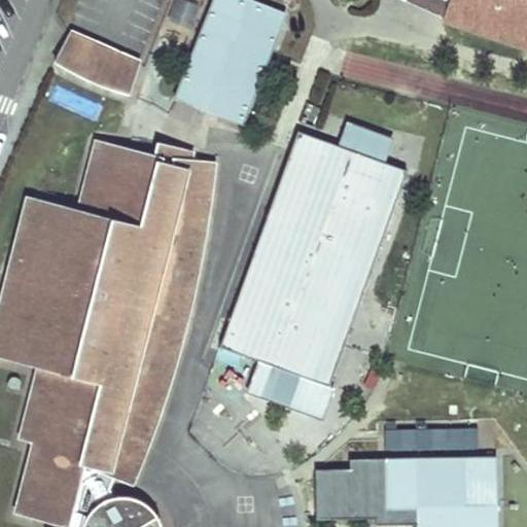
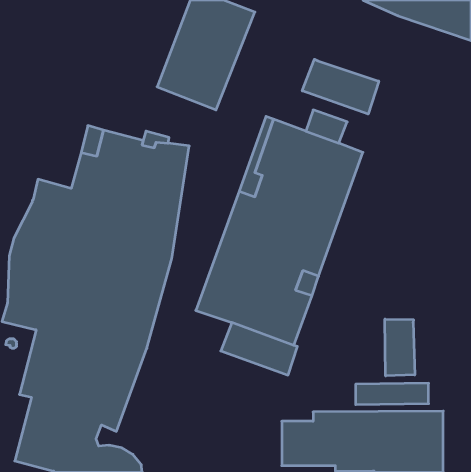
building: [54,33,138,93] -> none
building: none -> [302,59,379,114]
building: none -> [385,319,415,376]

